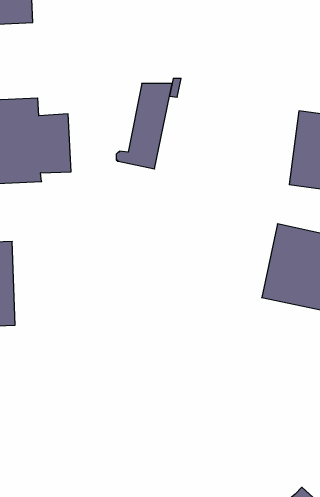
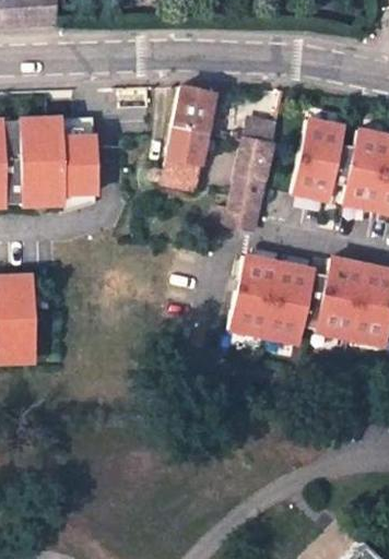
building: none -> [291,114,349,203]
building: none -> [227,120,275,231]
building: none -> [228,251,317,346]

